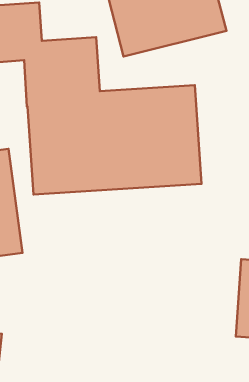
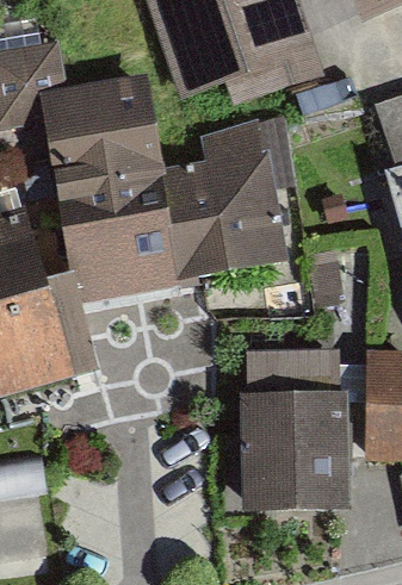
building: none -> [249,396,341,503]

